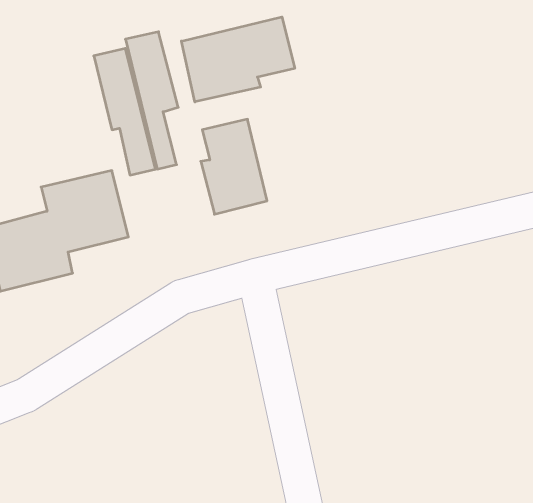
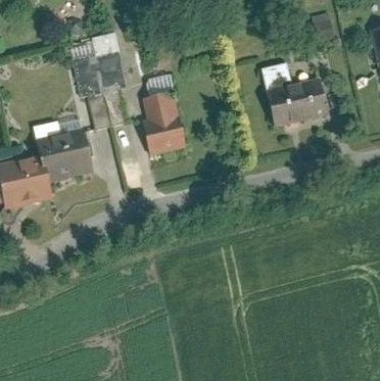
building: [181,17,295,102] -> none
building: none -> [260,62,326,127]

